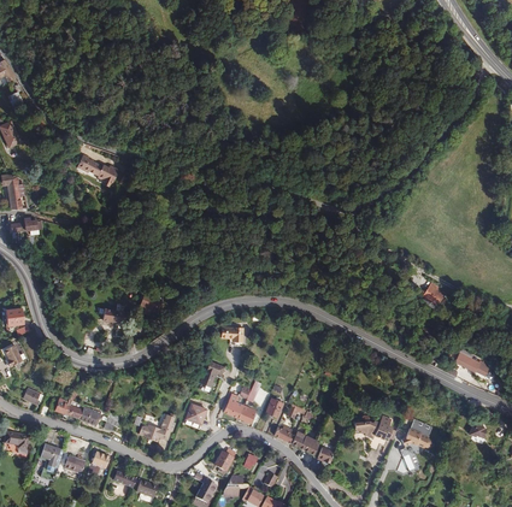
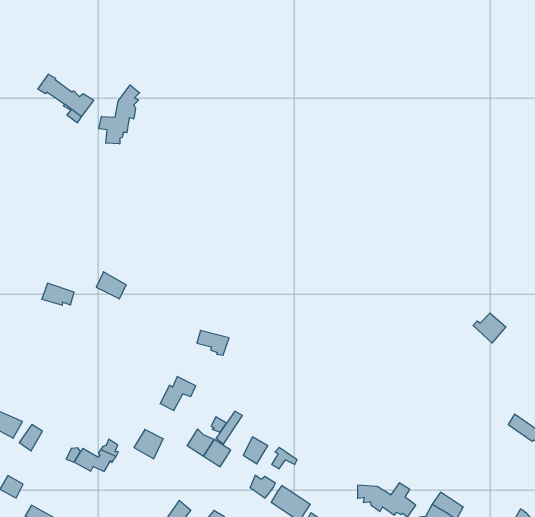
building: none -> [99,85,140,144]

